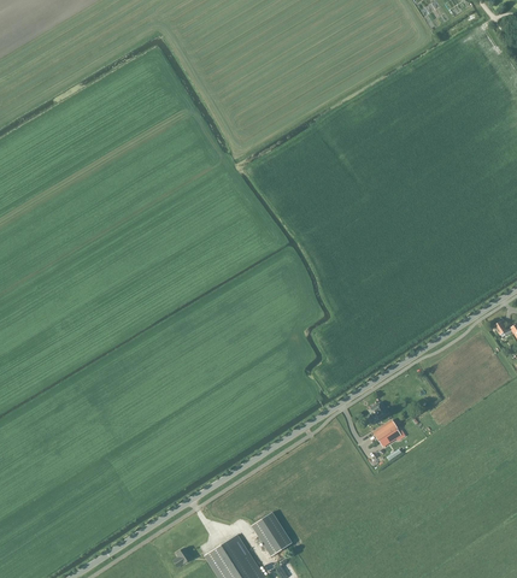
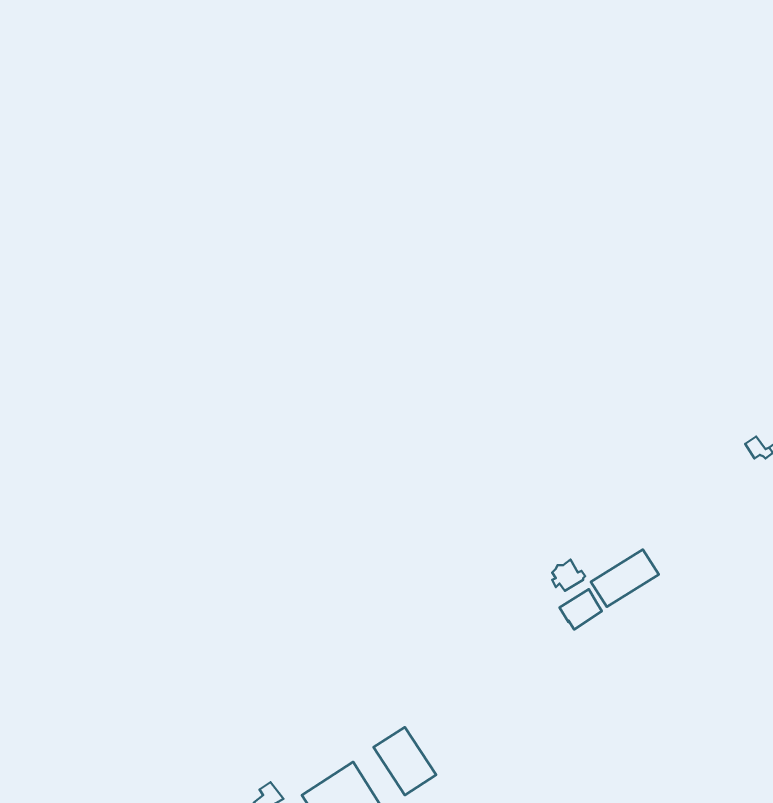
building: none -> [591,549,659,607]

